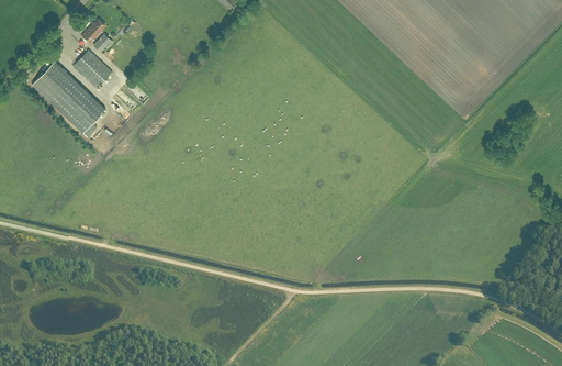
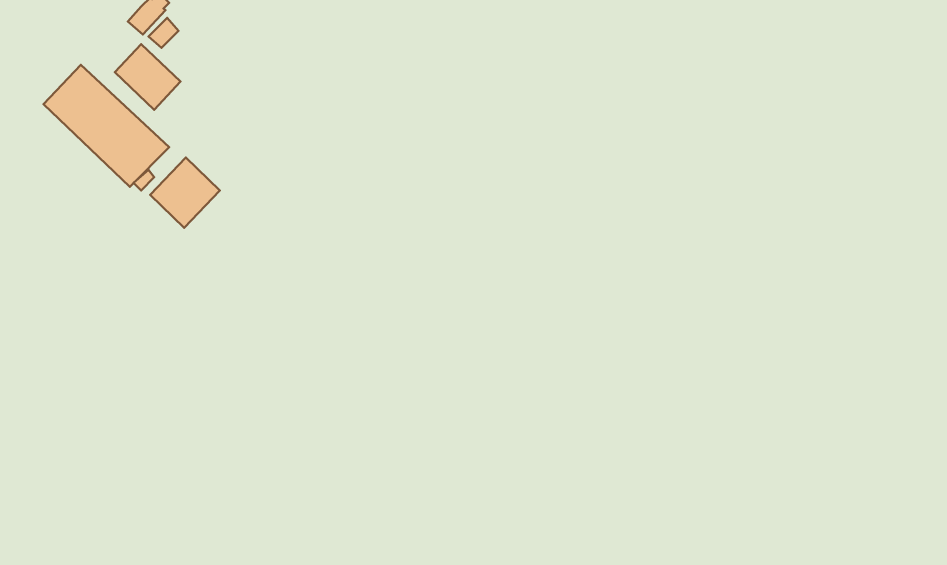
building: none -> [150,158,220,228]

